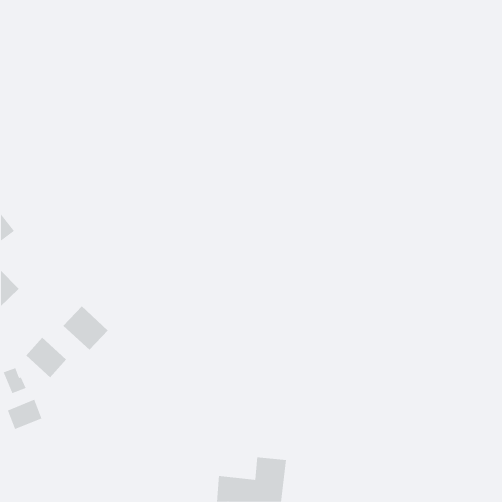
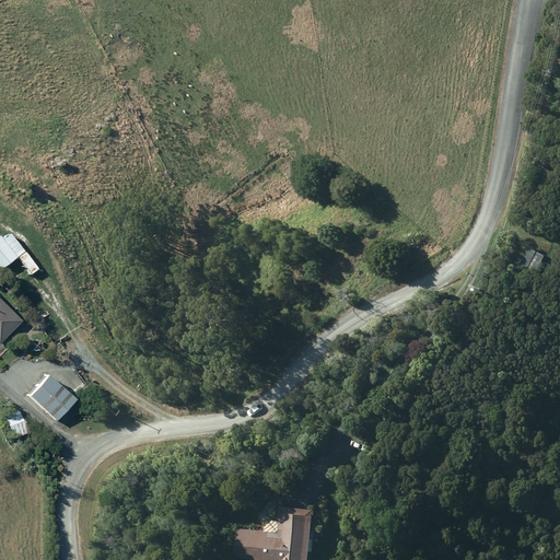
building: [63,306,109,351] -> none
building: [7,399,42,430] -> none

